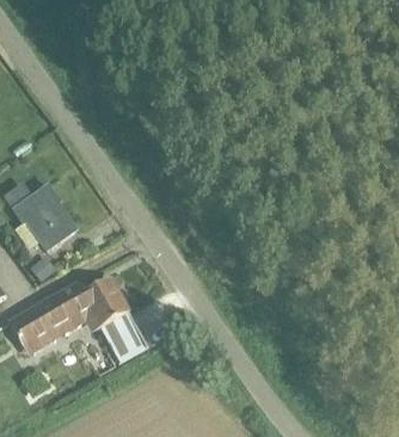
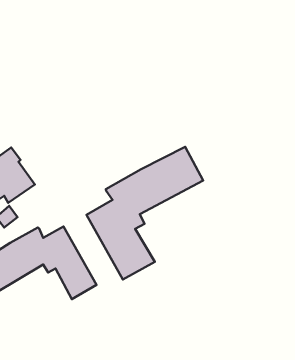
building: none -> [87,147,203,279]

